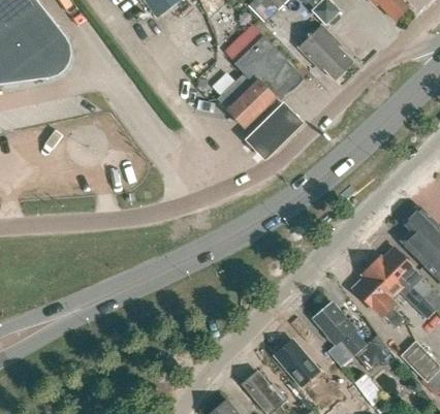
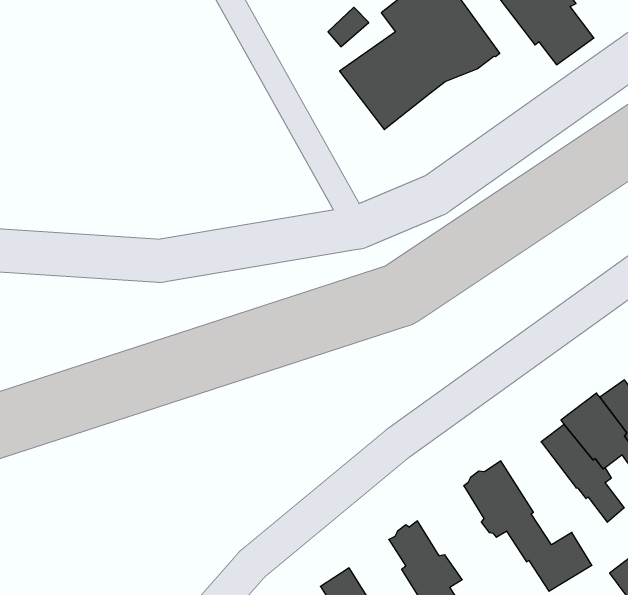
building: [244,101,302,159] -> none

